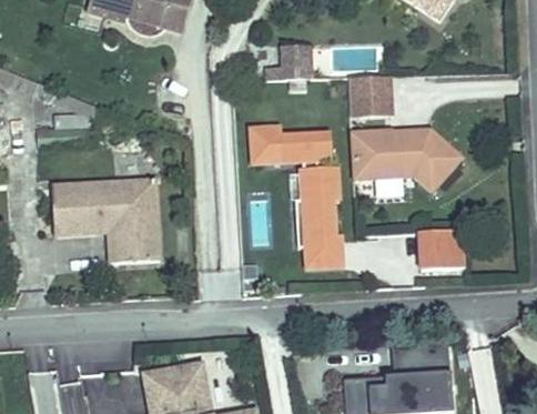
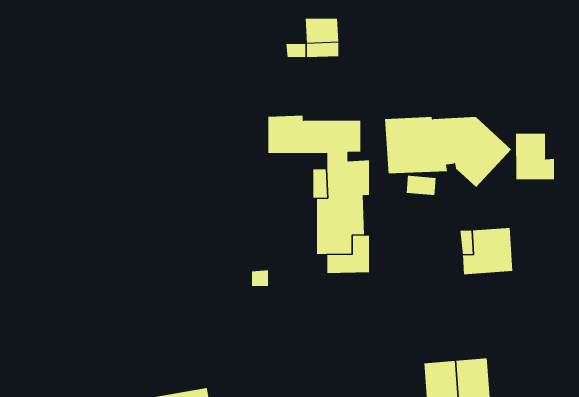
building: [346,78,391,120] -> none
building: none -> [516,133,555,180]
building: [51,179,155,260] -> none

